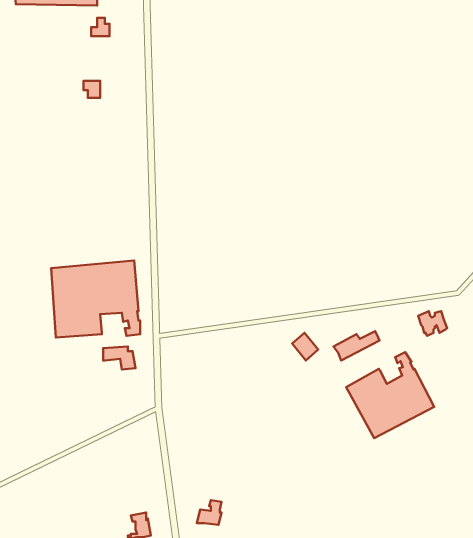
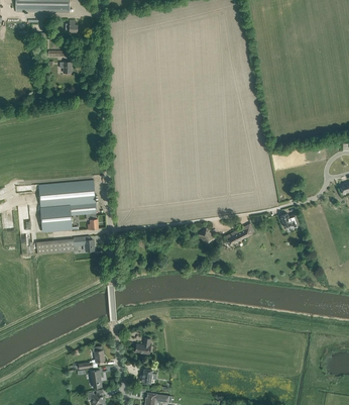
building: [346,352,434,438] -> none

